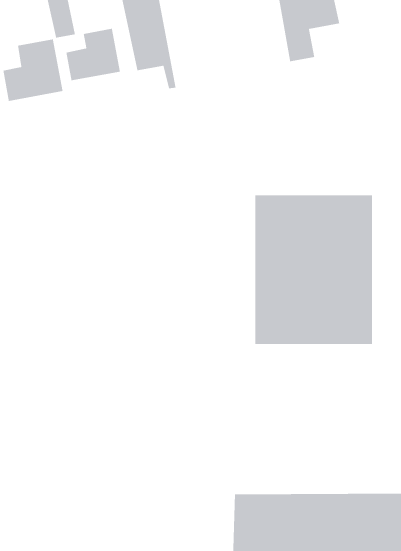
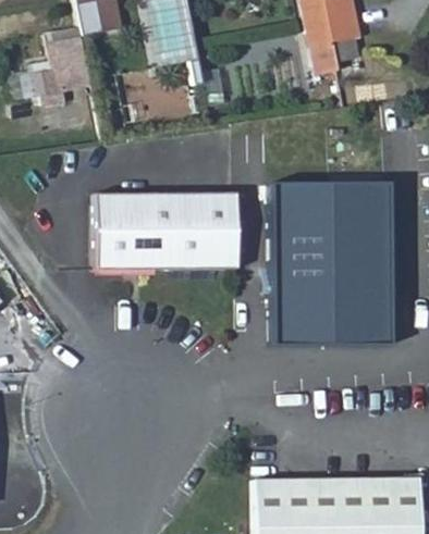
building: [65,28,121,81] -> none
building: none -> [98,194,242,271]

